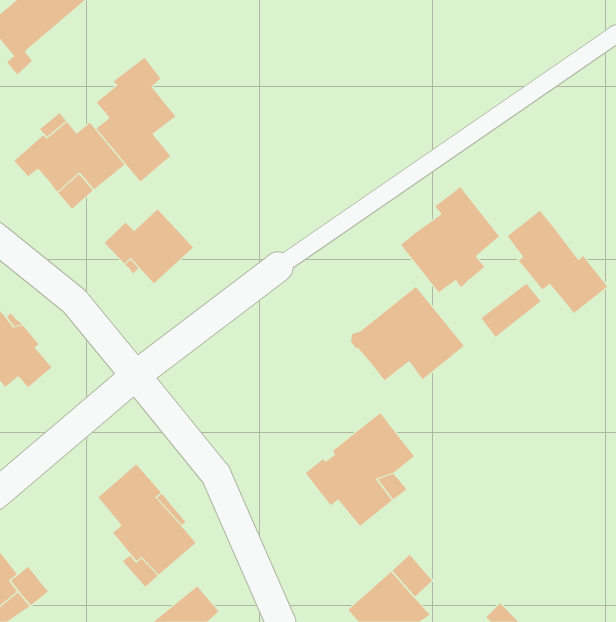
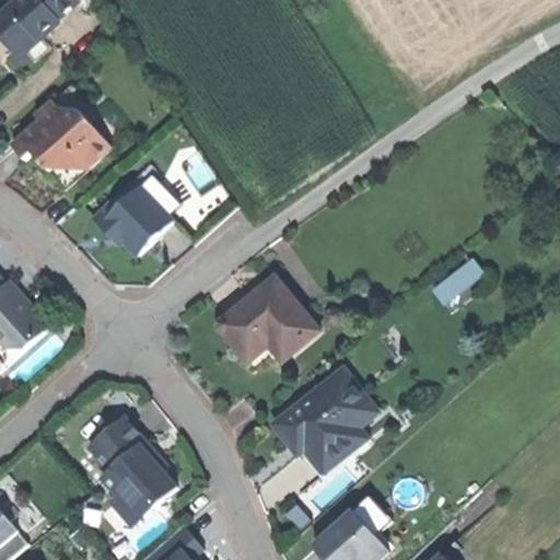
building: [96,57,176,183] -> none
building: [400,186,500,293] -> none
building: [507,210,608,314] -> none
building: [350,286,465,381] -> [215,278,318,363]

